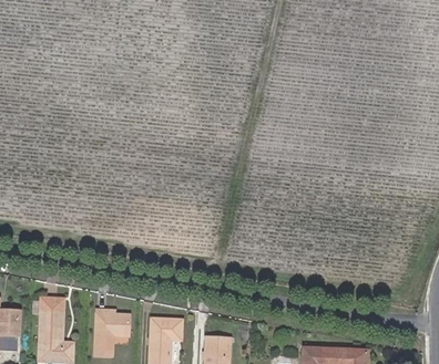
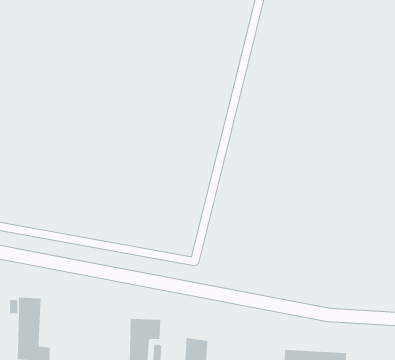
building: [94,308,129,355] -> none

